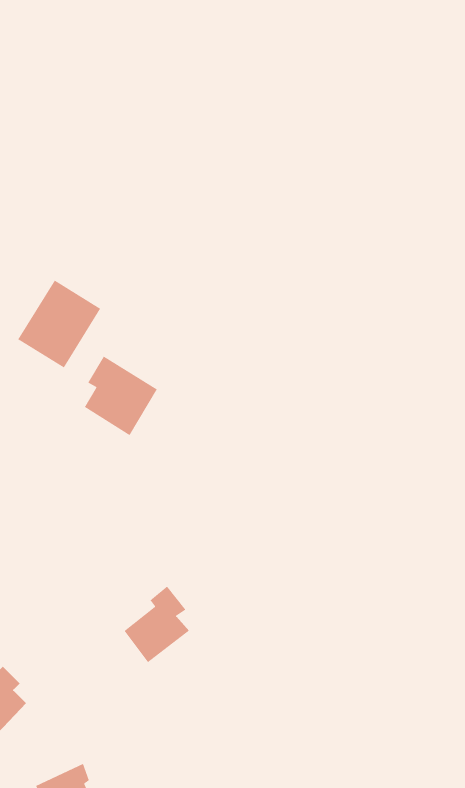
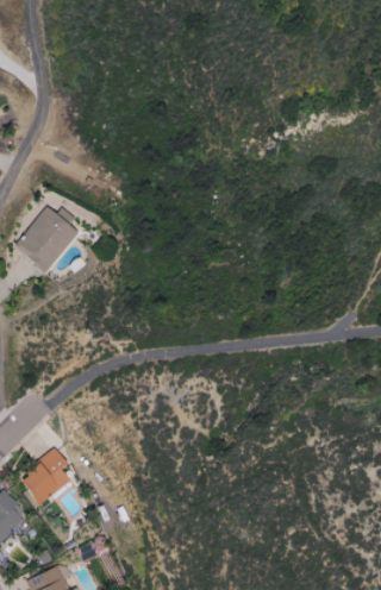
building: [84,356,158,436] -> none
building: [124,586,190,663] -> [21,447,70,504]

